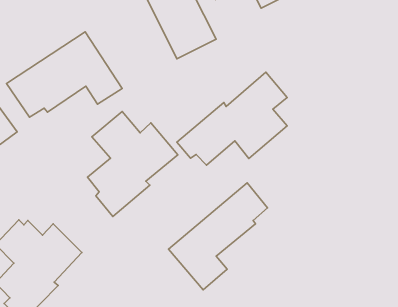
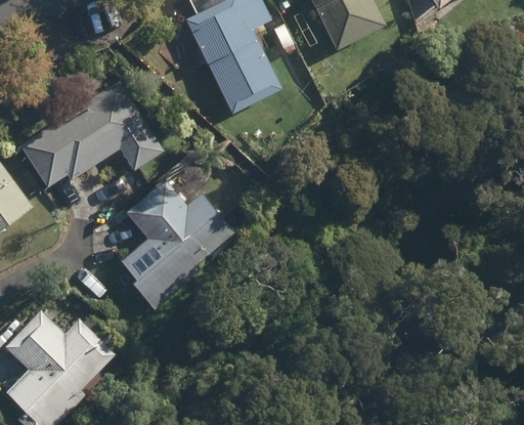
building: [177,72,287,165] -> none
building: [169,183,267,290] -> none

